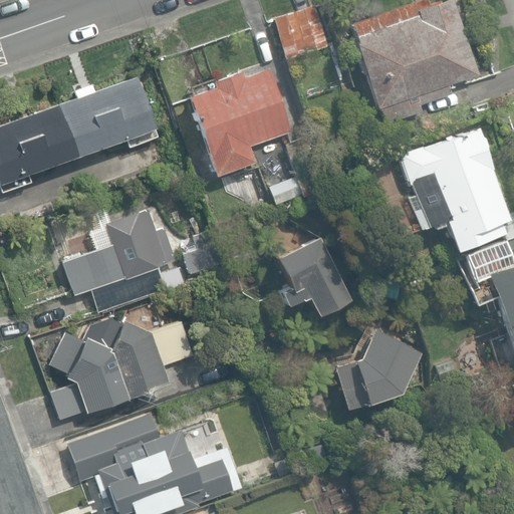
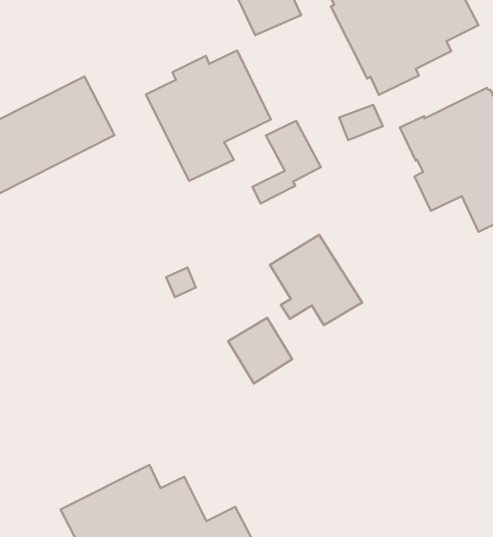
building: [64,211,187,313] -> none
building: none -> [228,318,292,383]
building: [51,318,194,420] -> none
building: [334,328,420,408] -> none

